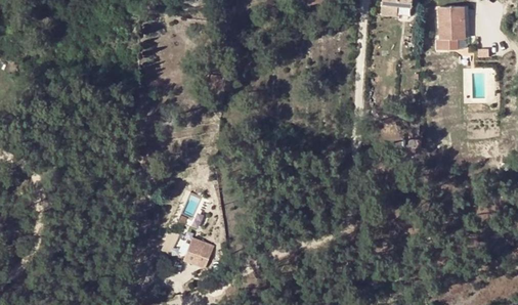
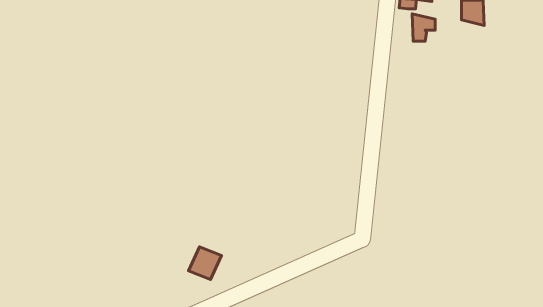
building: [439,27,461,52] -> [412,14,435,41]

